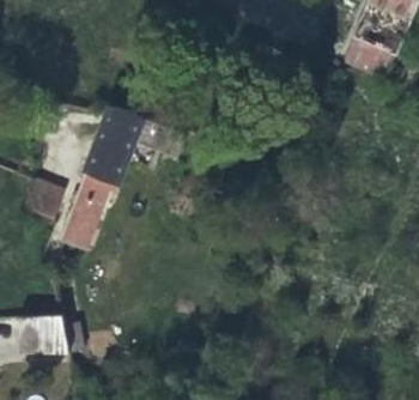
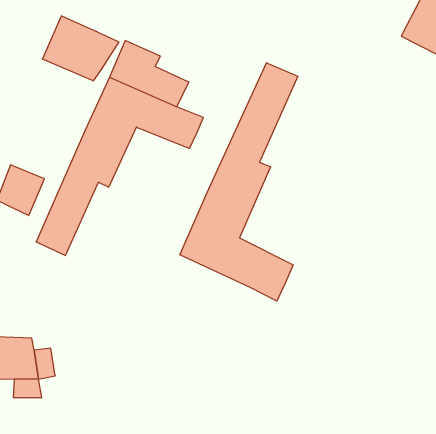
building: none -> [42,16,119,81]
building: none -> [180,63,298,301]

